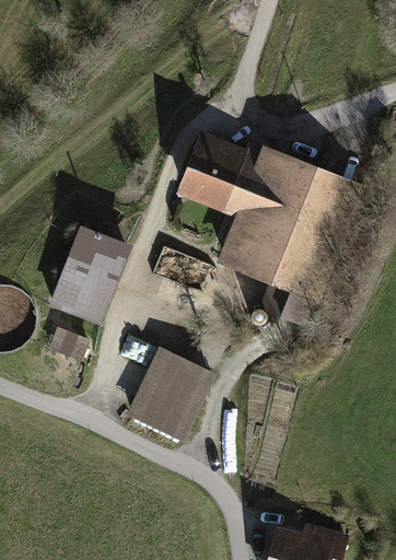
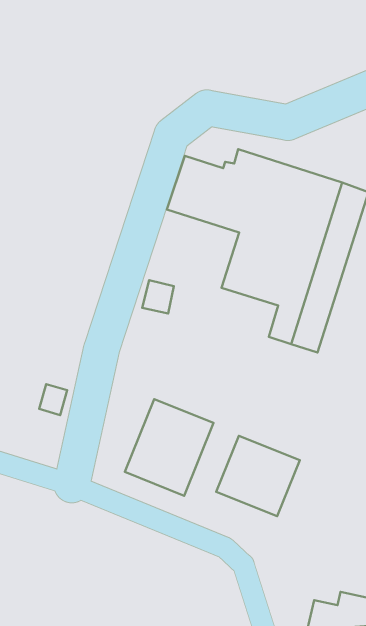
building: [51,225,123,318] -> none
building: none -> [216,436,300,516]

